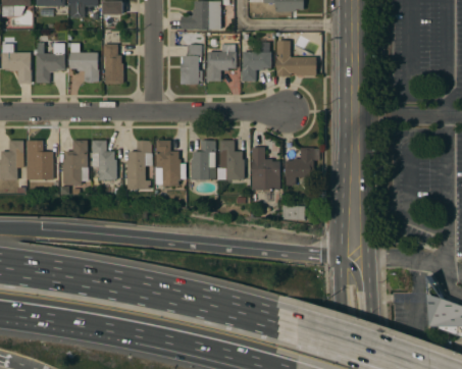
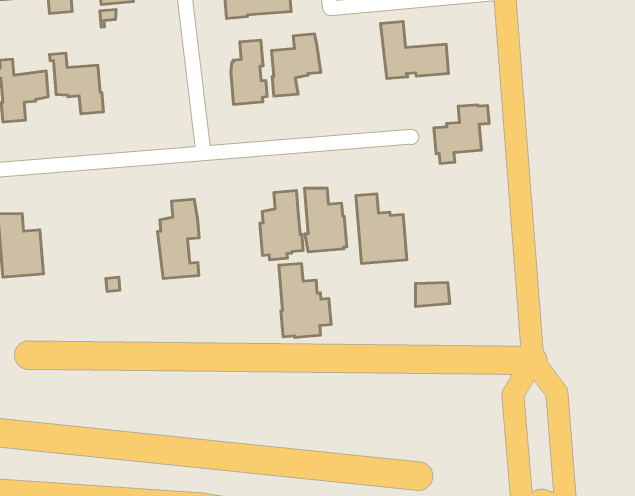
building: [241,41,270,81] -> none
building: [102,44,122,84] -> none
building: [62,140,87,184] -> none
building: [154,140,185,186] -> [279,263,331,337]
building: [92,141,115,179] -> none
building: [284,148,318,182] -> [434,105,489,163]

